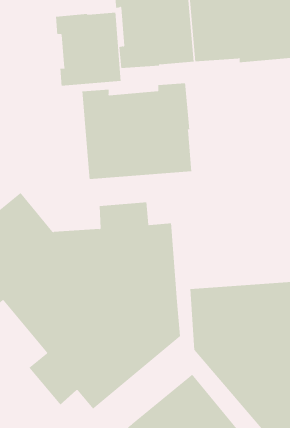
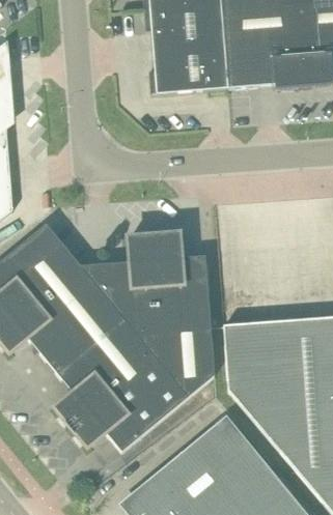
building: [56,12,121,86] -> none
building: [82,82,192,180] -> none

